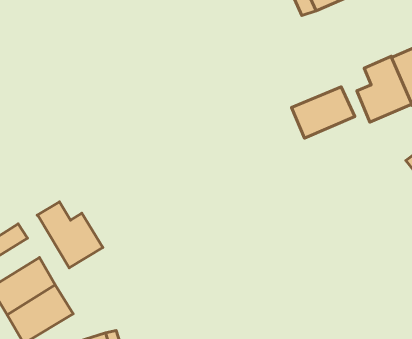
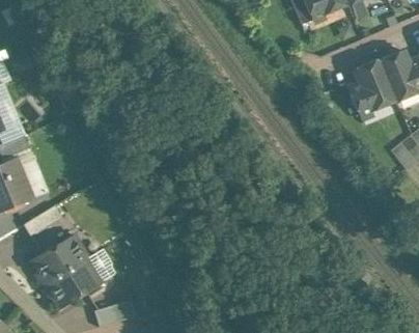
building: [291,87,355,138] -> none
building: [37,202,103,268] -> none

